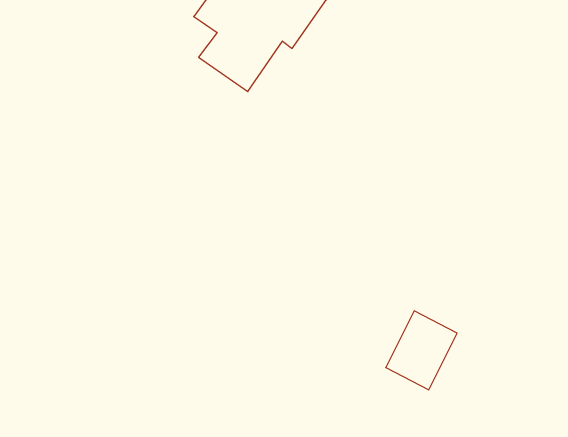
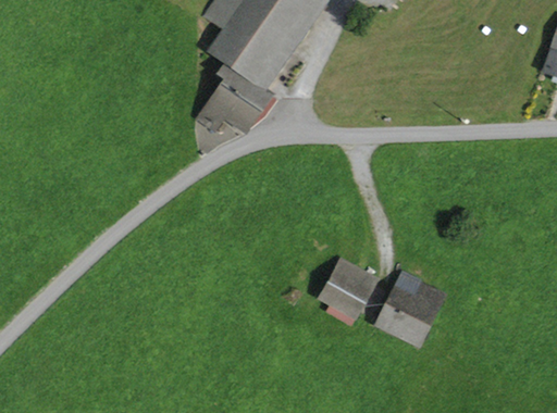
building: none -> [202,65,269,129]
building: none -> [319,260,375,316]

